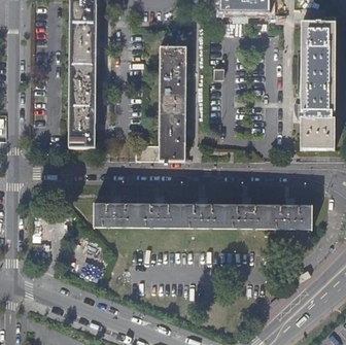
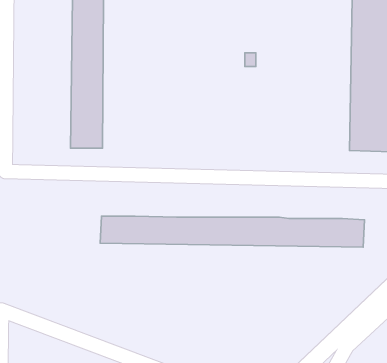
building: [135,45,185,163] -> none

